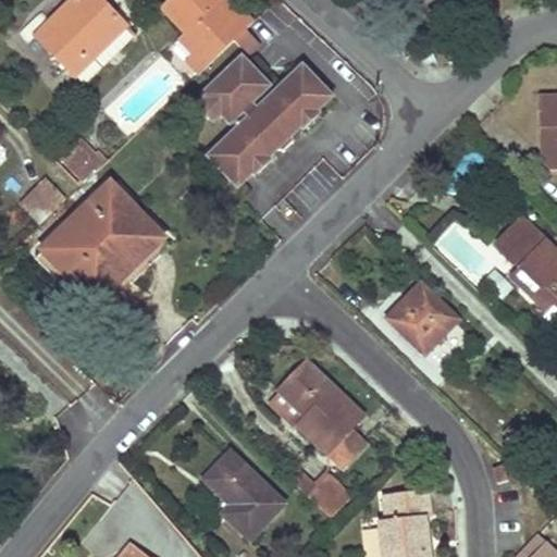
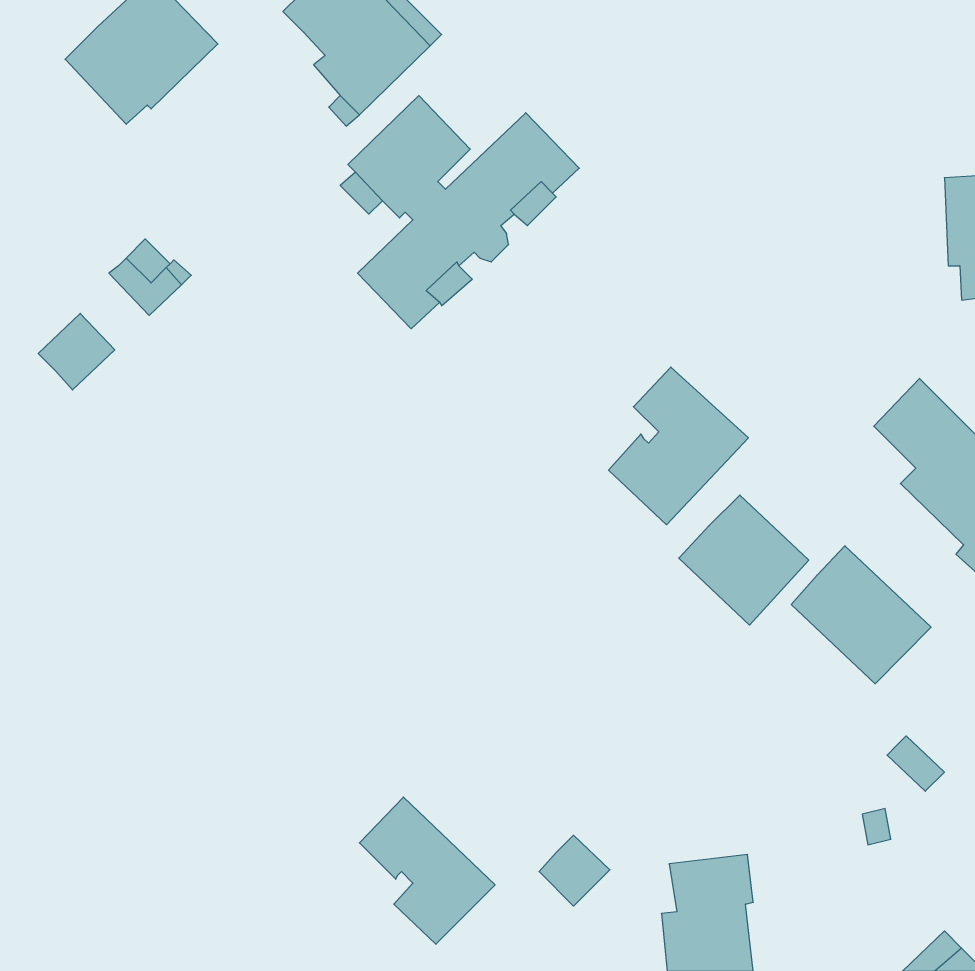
building: [44,183,160,302] -> none
building: none -> [609,367,748,525]
building: none -> [791,546,931,684]
building: [273,363,366,467] -> none

